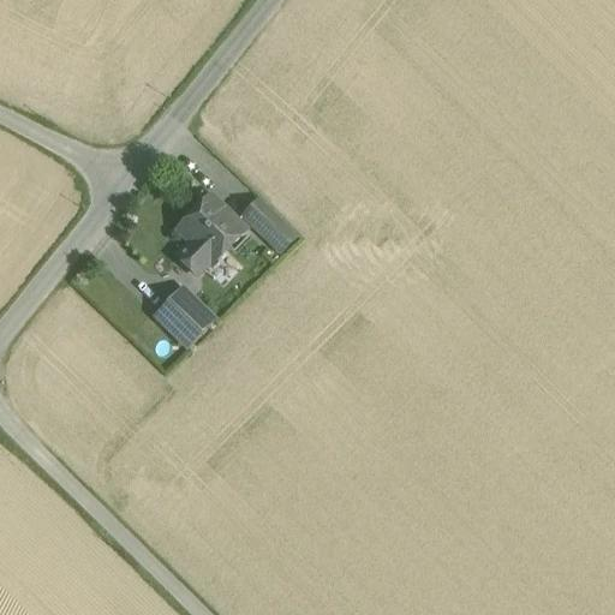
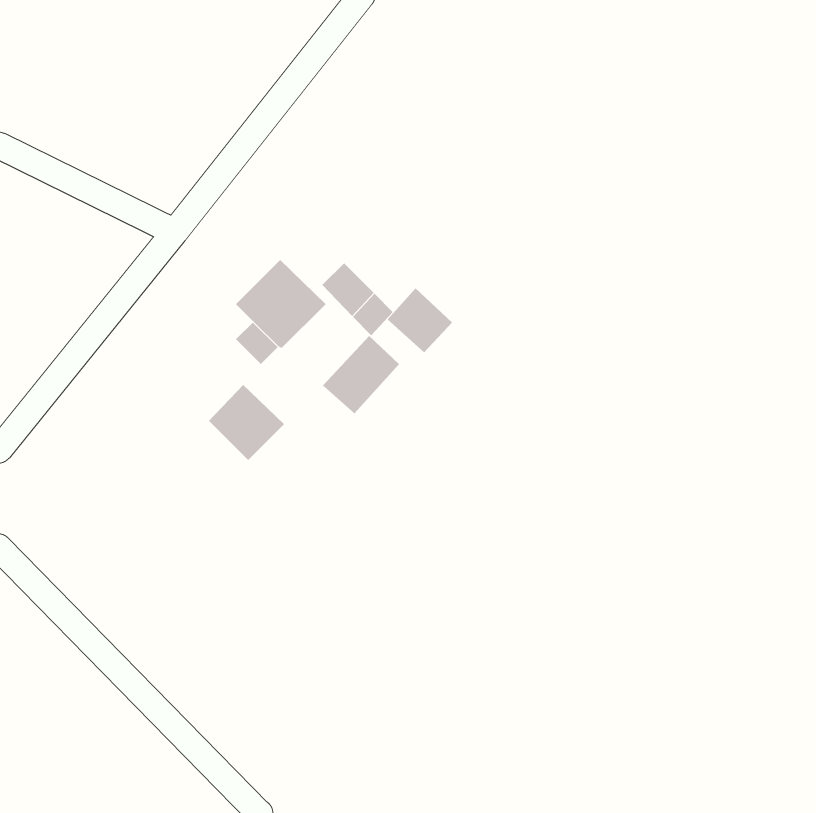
building: none -> [387,288,453,353]
building: none -> [322,335,400,414]

